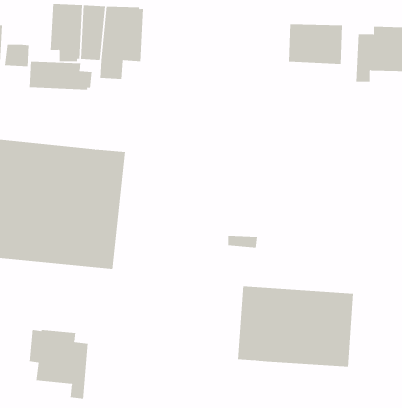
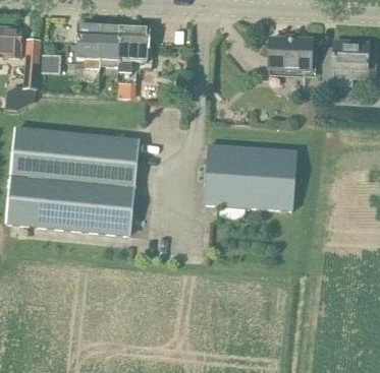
building: [29,61,92,91] -> none
building: [237,286,354,367] -> [204,144,297,209]
building: [29,329,88,400] -> none

